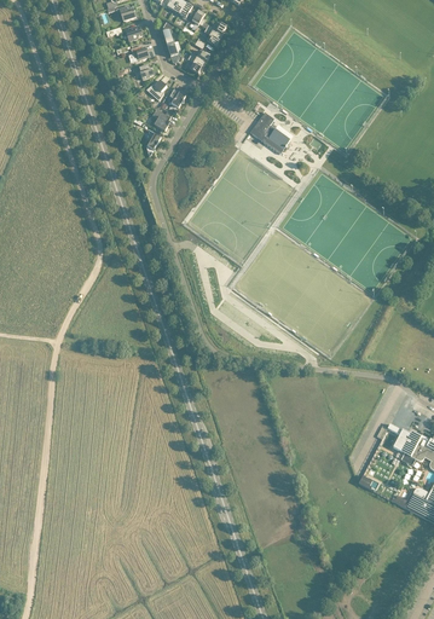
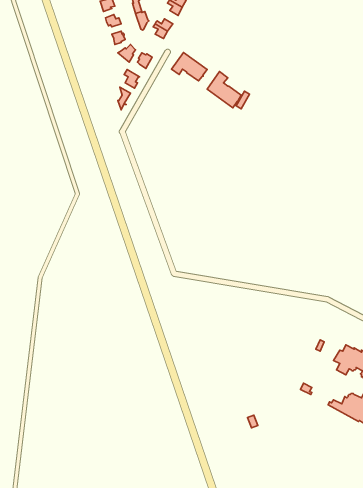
building: none -> [171,53,207,81]

